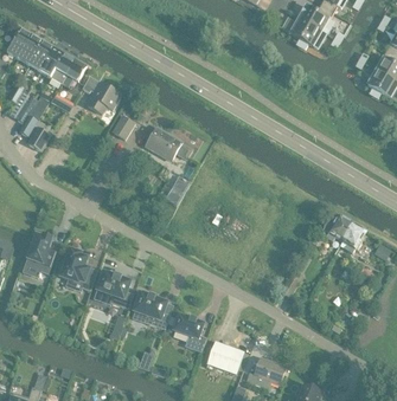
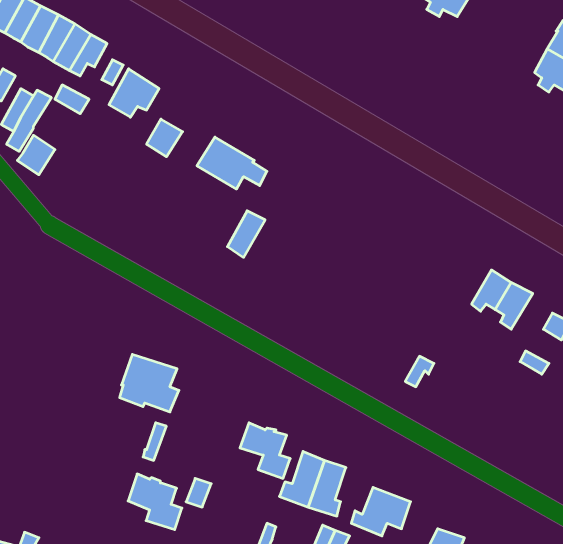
building: [26,231,56,265] -> none
building: [60,247,97,289] -> none
building: [134,291,169,328] -> [128,474,182,530]

